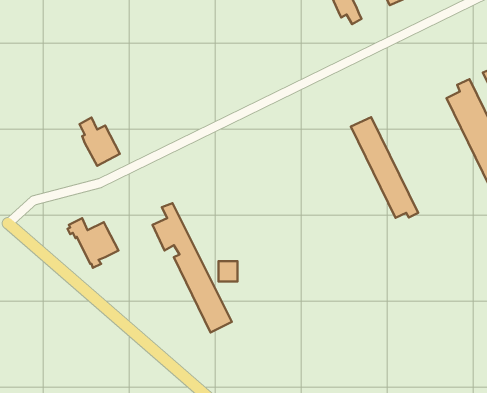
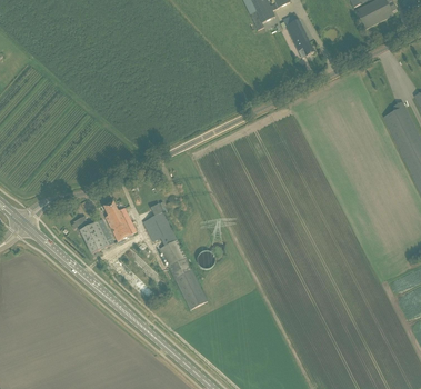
building: [351,117,418,218] -> none
building: [80,117,120,166] -> [102,201,136,241]

